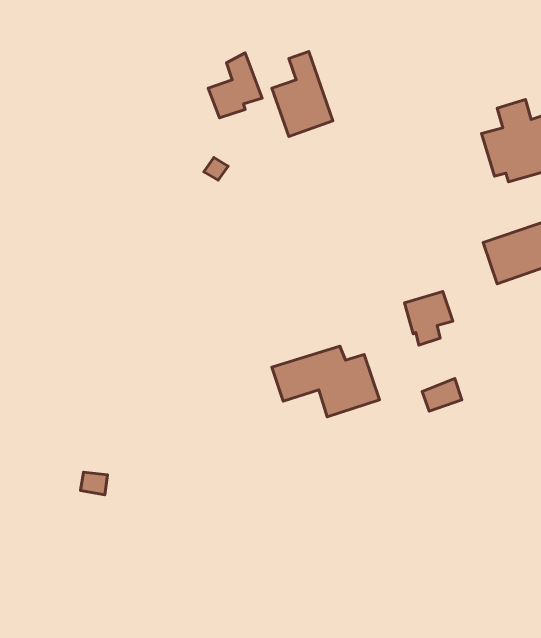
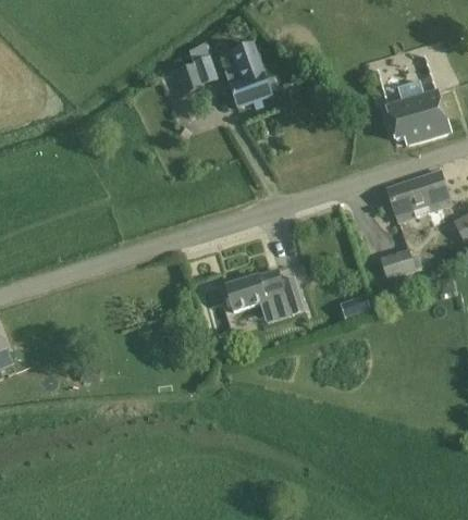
building: [405,291,453,345] -> [380,247,417,288]

